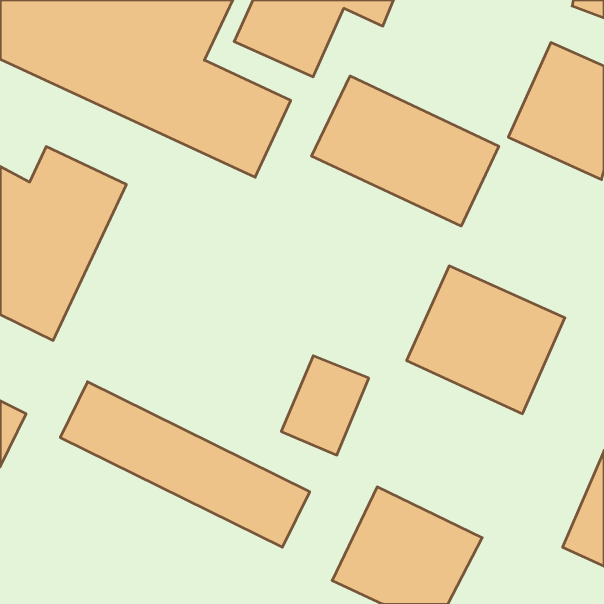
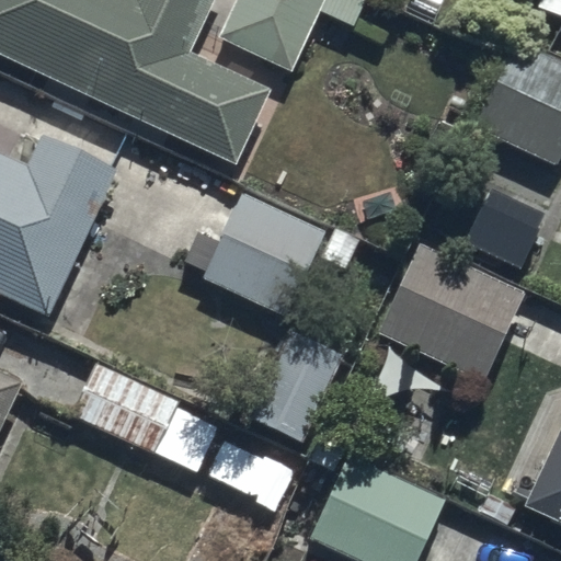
building: [312,76,499,226] -> none
building: none -> [205,193,325,314]

